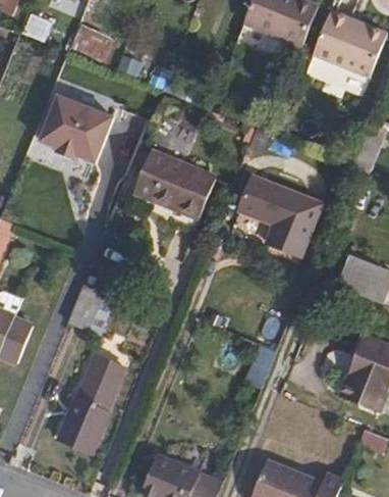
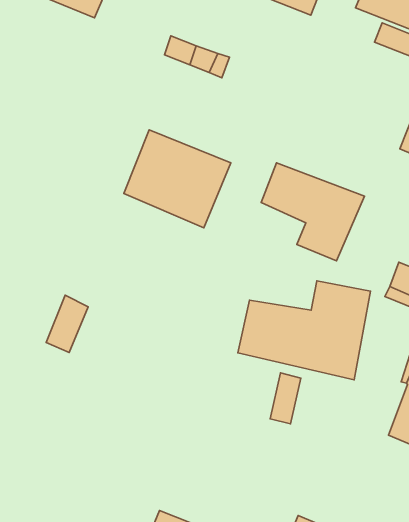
building: [41,95,113,161] -> none
building: none -> [238,281,370,380]
building: [57,352,123,450] -> none

